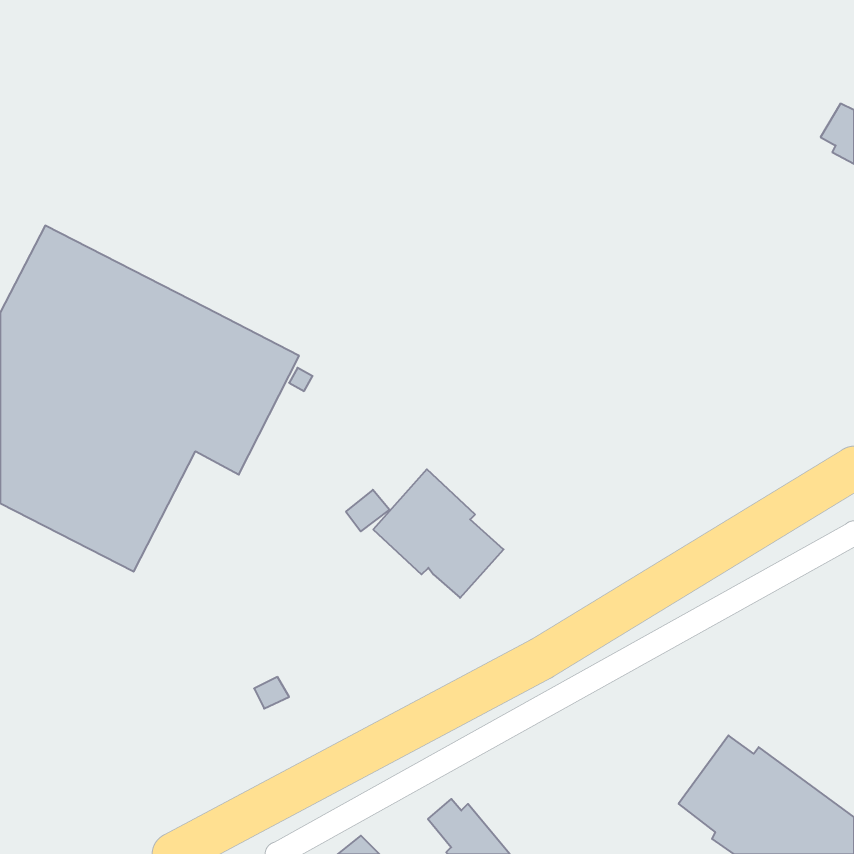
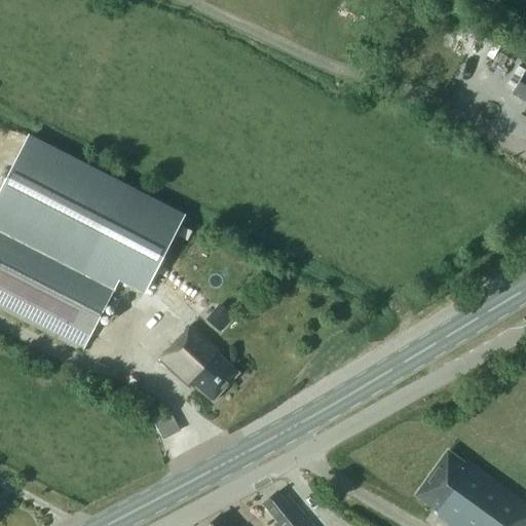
building: [373,469,504,598] -> [159,323,239,402]

